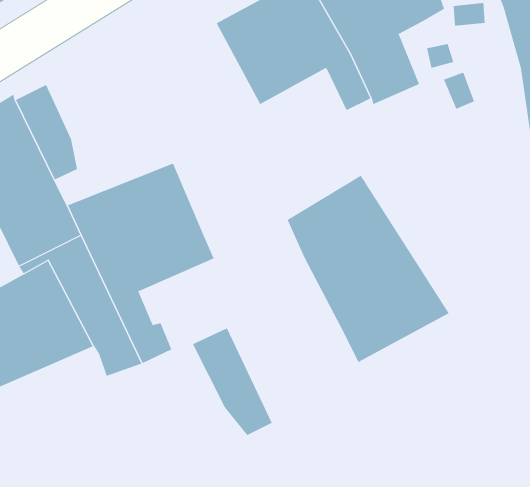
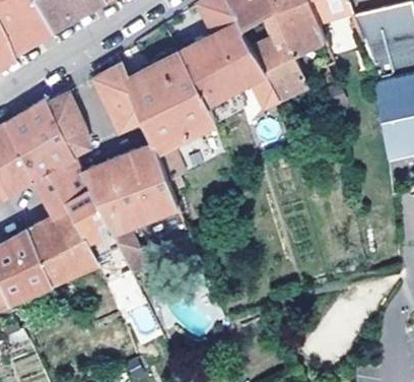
building: none -> [94,52,216,190]
building: [287,175,450,363] -> none
building: [192,328,272,436] -> none

